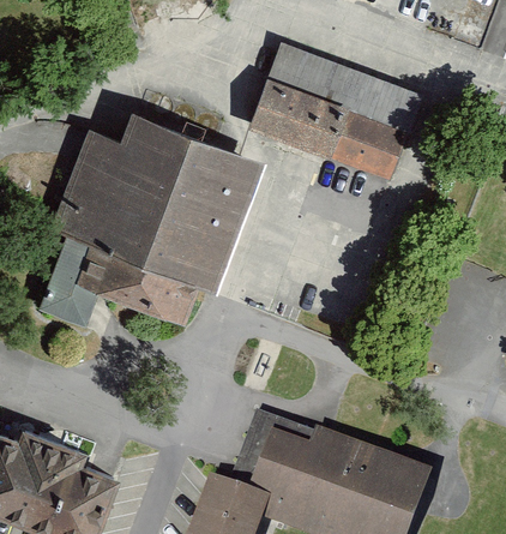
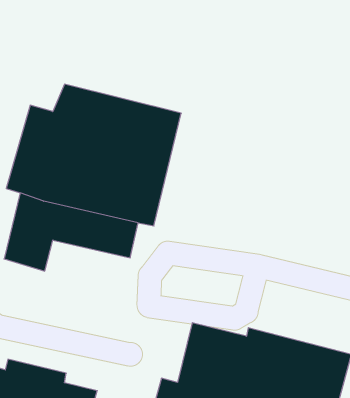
building: [249,44,427,182] -> none

